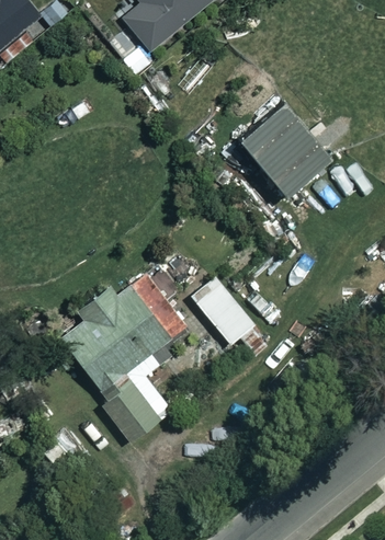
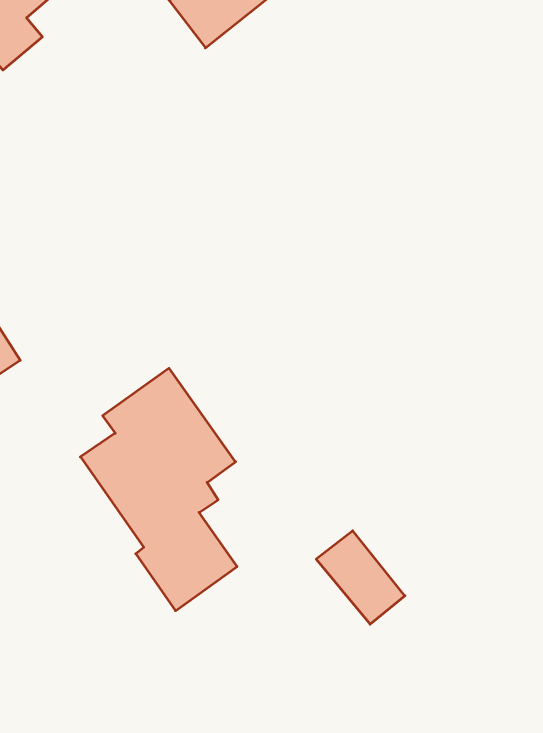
building: [236,94,330,192] -> none
building: [191,278,252,343] -> [316,531,405,624]

